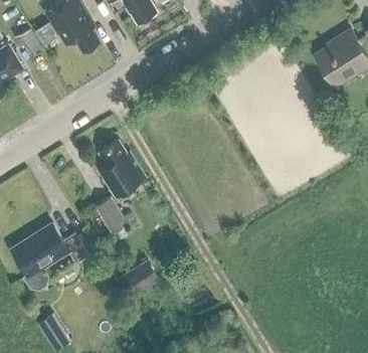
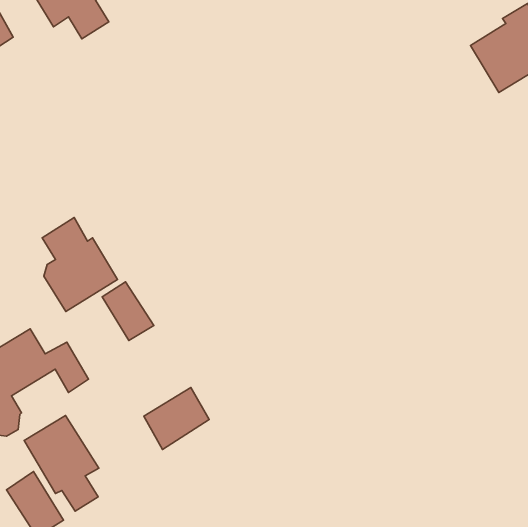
building: [101,141,146,197] -> [42,218,118,311]
building: none -> [24,415,99,511]

